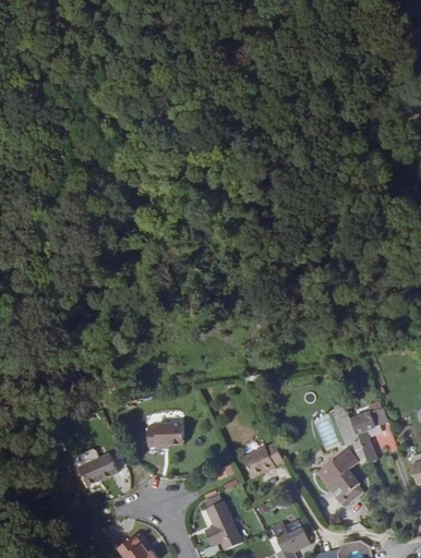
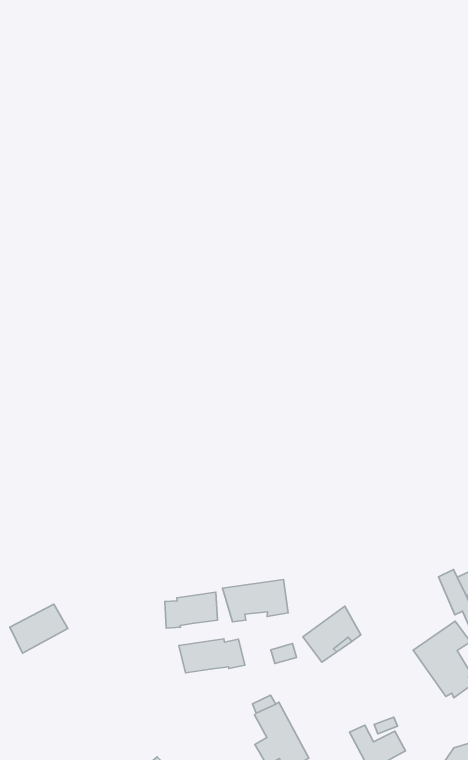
building: none -> [223,579,288,622]
building: [74,457,115,489] -> [10,604,68,653]
building: none -> [179,639,245,673]

